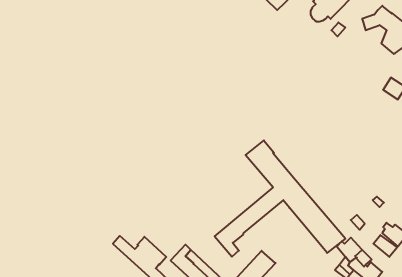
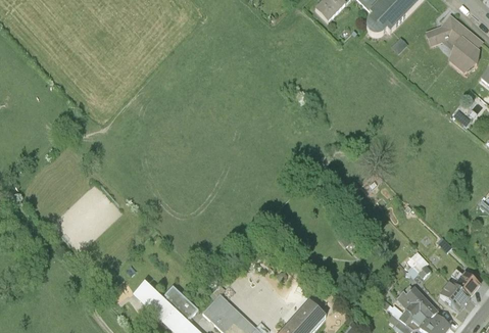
building: [215,140,345,257] -> none

